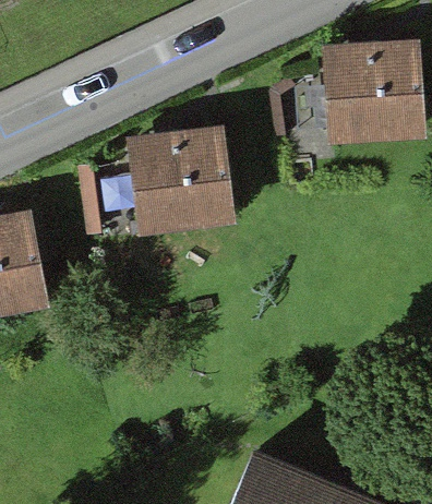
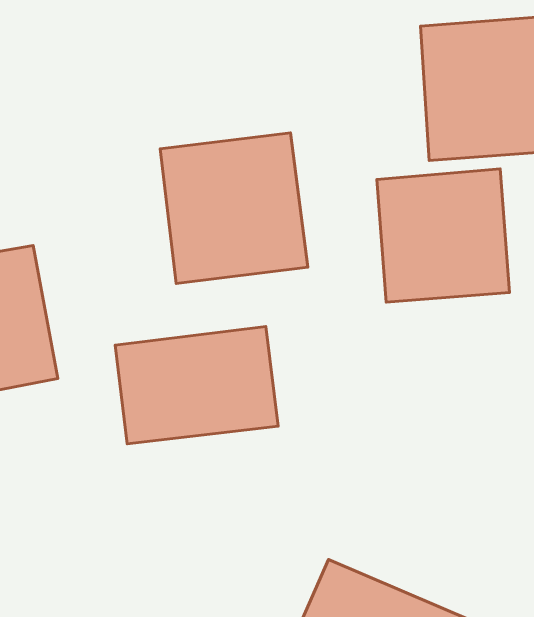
building: none -> [377,169,510,302]
building: none -> [115,327,278,444]

